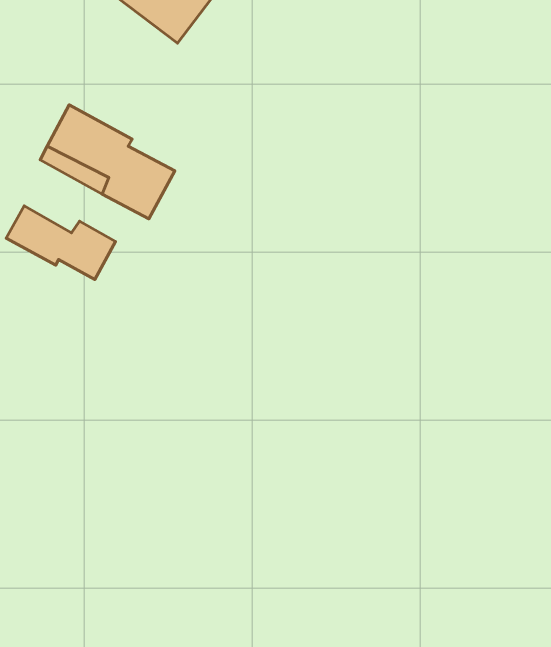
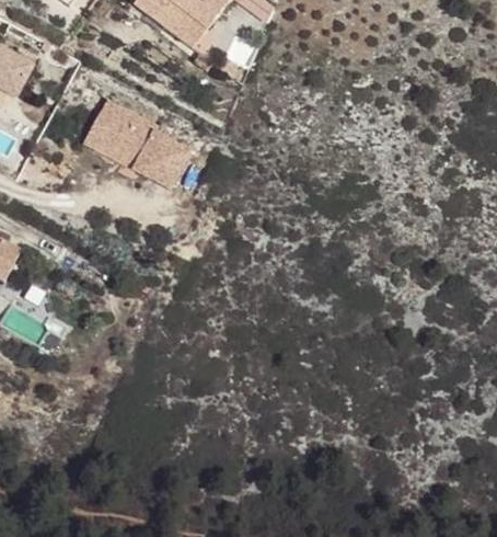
building: [6,206,116,280] -> none

